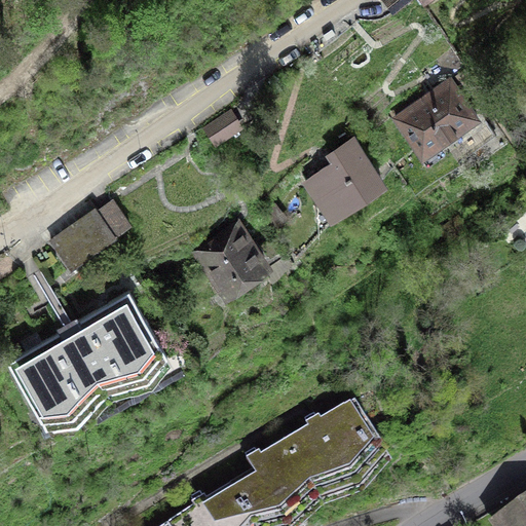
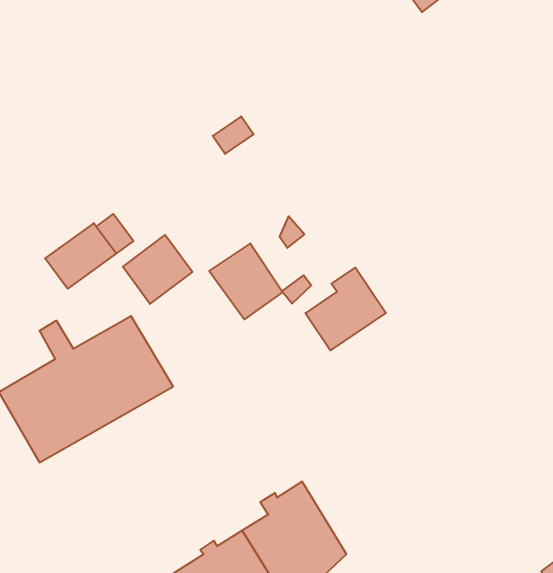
building: [394,79,477,166] -> none
building: [307,140,380,215] -> [305,268,386,350]
building: none -> [123,235,192,304]
building: [283,403,390,508] -> none

